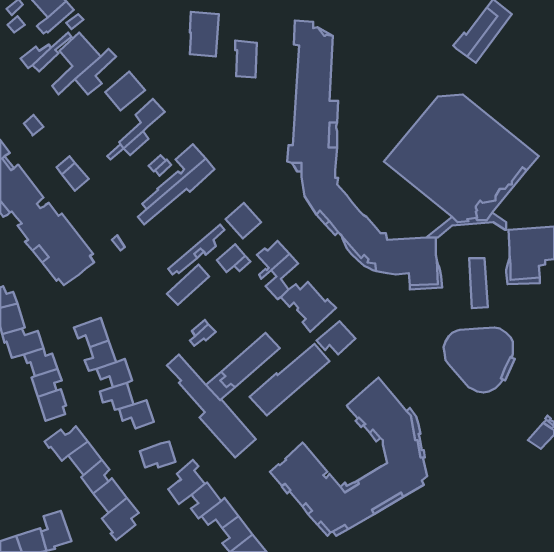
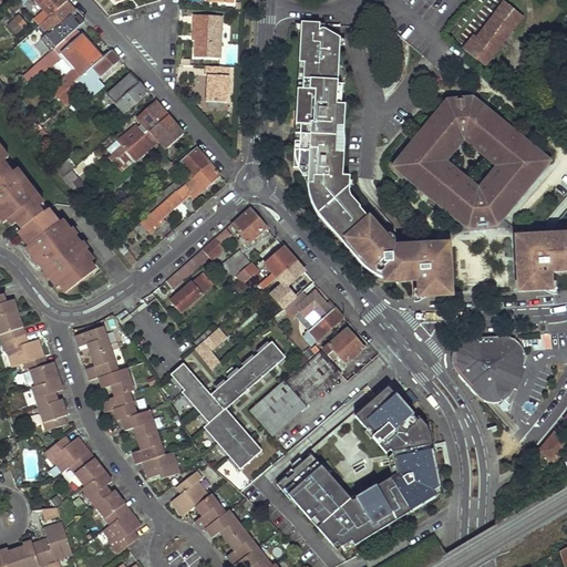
building: [235,41,257,77] -> [206,64,228,102]
building: none -> [151,114,184,150]
building: [469,258,488,308] -> none
building: none -> [133,431,164,463]

